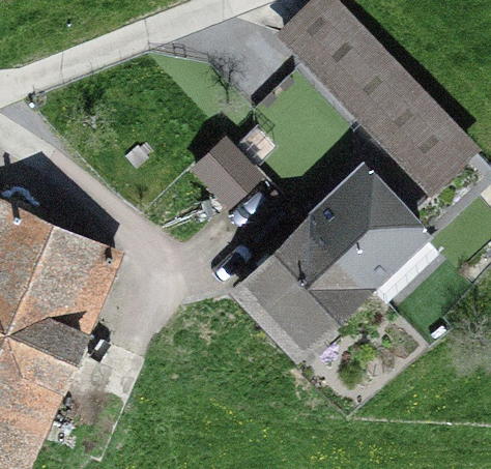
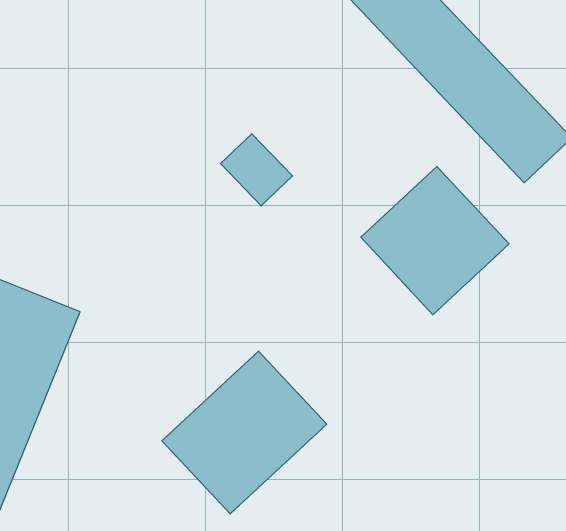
building: [250,219,364,333] -> none
building: none -> [162,351,327,514]

